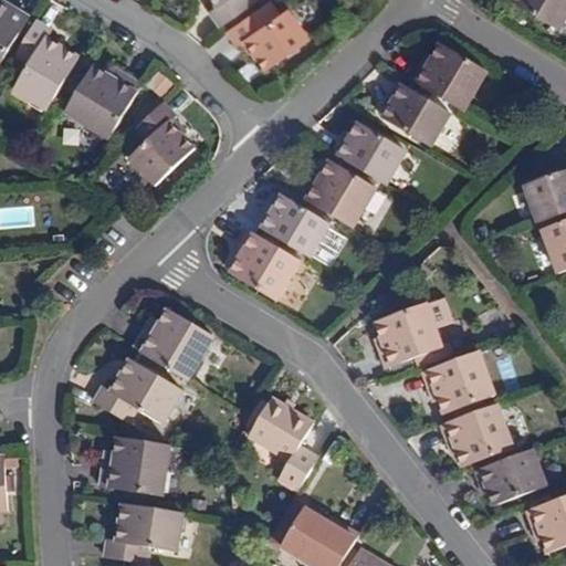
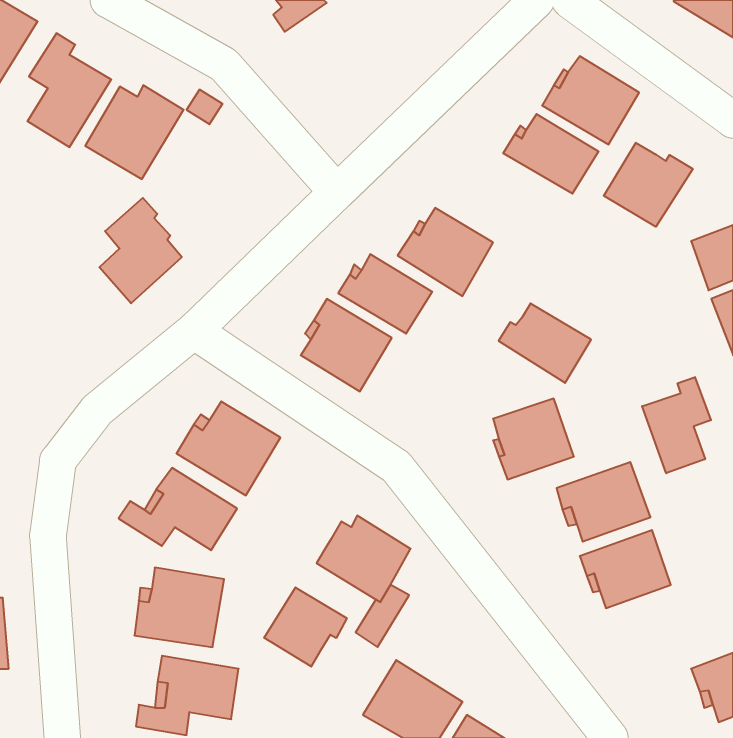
building: [227,8,306,69] -> none
building: [129,103,192,184] -> [99,198,182,303]
building: none -> [604,143,693,227]
building: [337,122,408,182] -> [499,303,591,383]
building: none -> [642,377,711,473]
building: none -> [264,587,347,667]
building: [475,450,546,506] -> none

